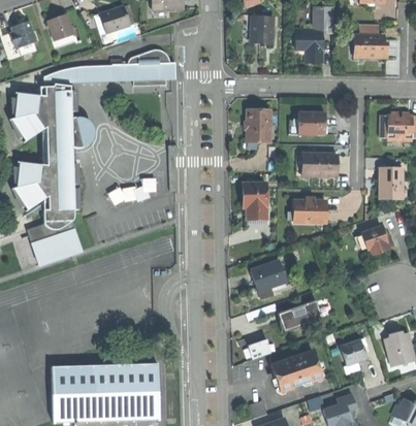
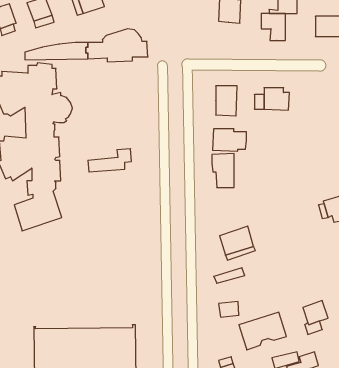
building: [300,153,337,176] -> [213,129,246,151]
building: [294,201,326,222] -> none
building: [278,299,322,330] -> none

